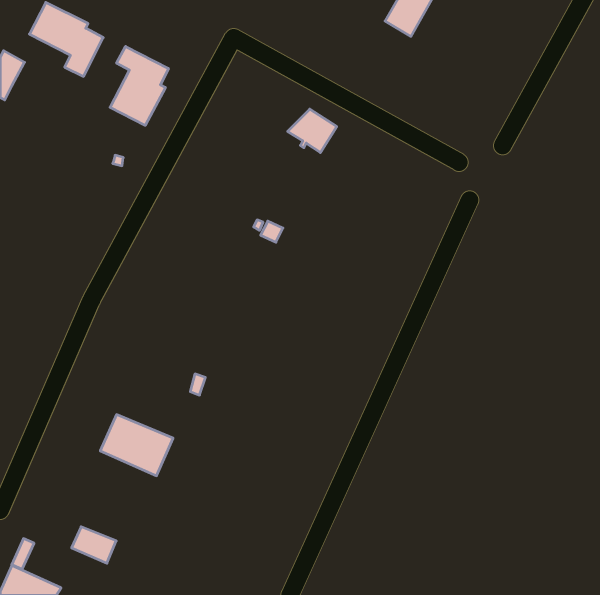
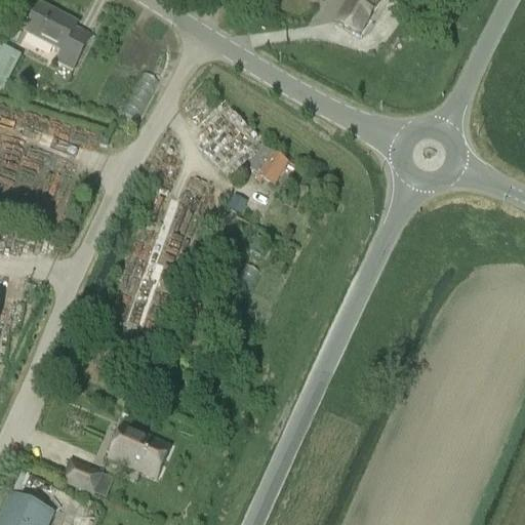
building: [110,46,168,125] -> none
building: [288,109,337,153] -> [245,146,288,184]
building: [100,415,173,476] -> [108,423,171,477]

